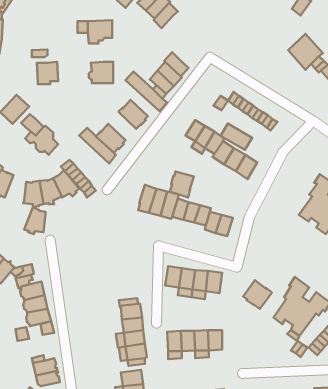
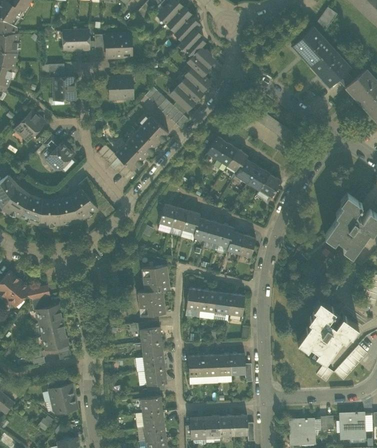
building: none -> [294,28,331,65]
building: none -> [179,29,212,76]
building: none -> [63,30,89,51]
building: none -> [126,129,156,158]
building: [220,123,252,150] -> none
building: [170,171,194,198] -> none
building: [24,207,45,234] -> [20,194,42,222]
building: none -> [138,265,169,317]
building: [243,280,272,309] -> none

